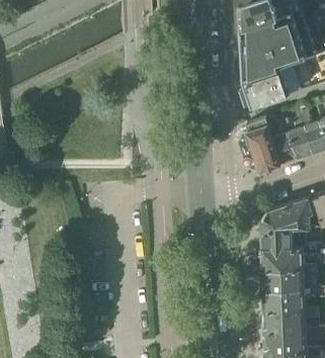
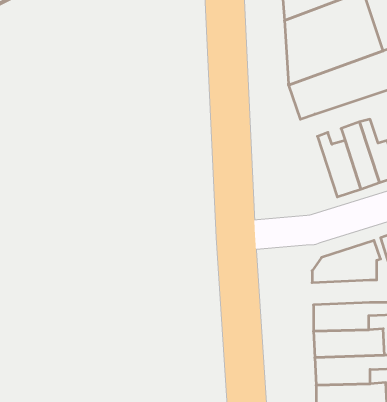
building: [238,120,280,173] -> none
building: [261,231,306,250] -> none

